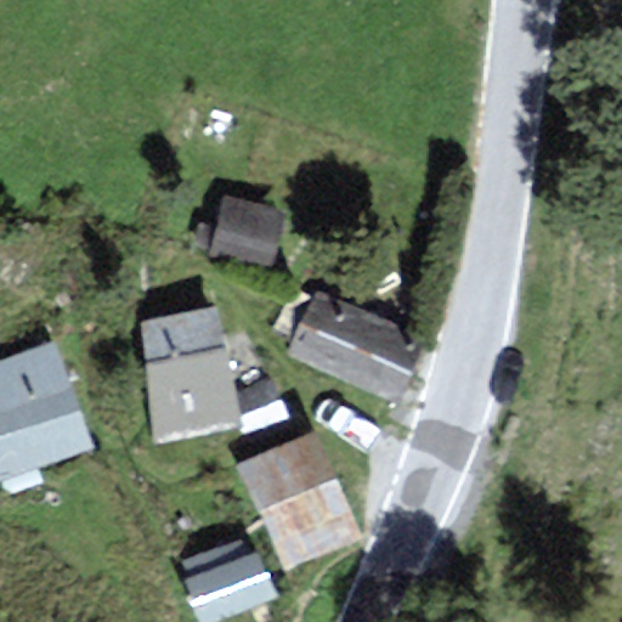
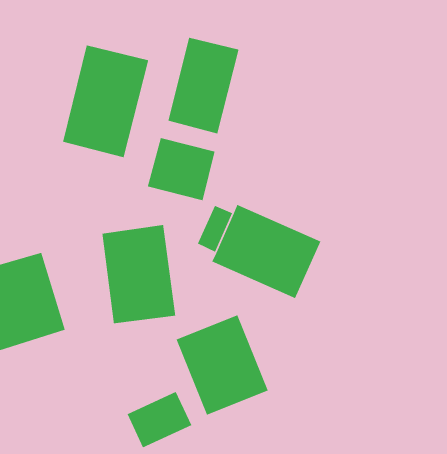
building: none -> [168,37,239,134]
building: none -> [62,44,149,158]

